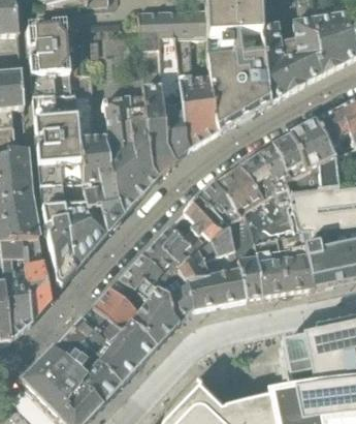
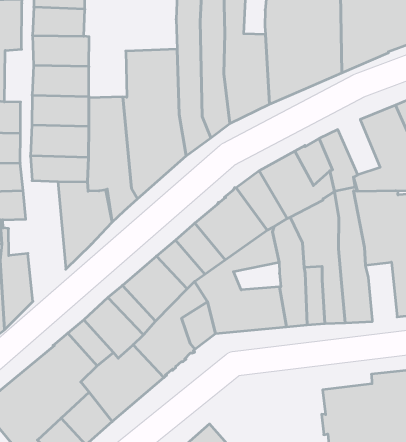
building: [271,134,306,177] -> none
building: [42,204,74,284] -> none
building: [302,241,330,287] -> none

